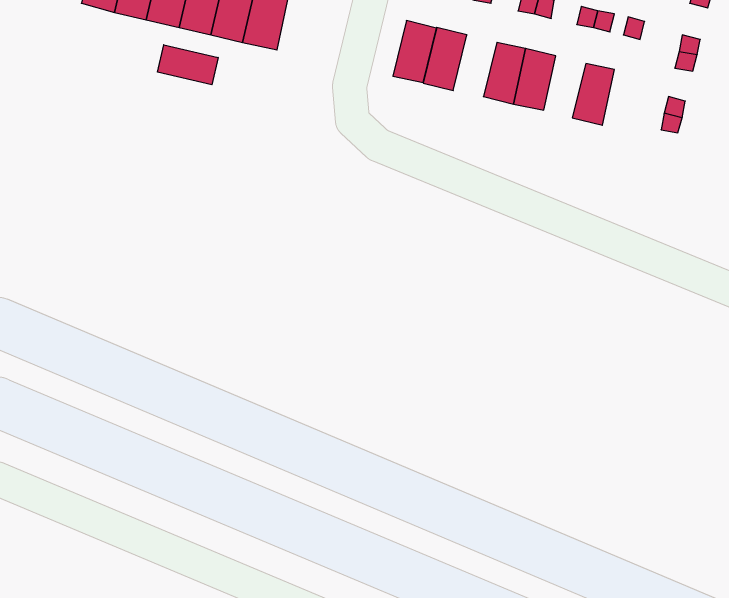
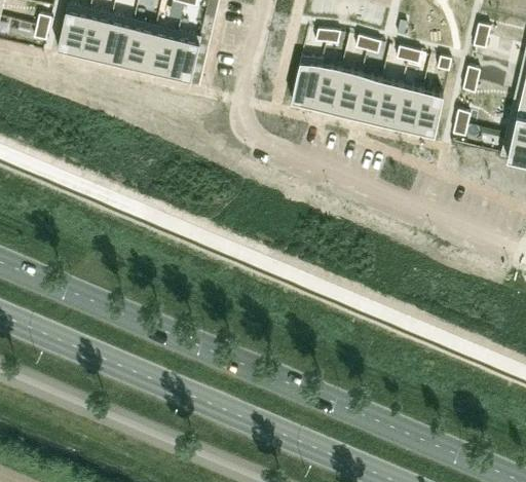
building: [393,21,437,82] -> [312,69,342,111]
building: [158,45,218,85] -> none
building: none -> [374,83,403,125]
building: none -> [414,92,444,135]

